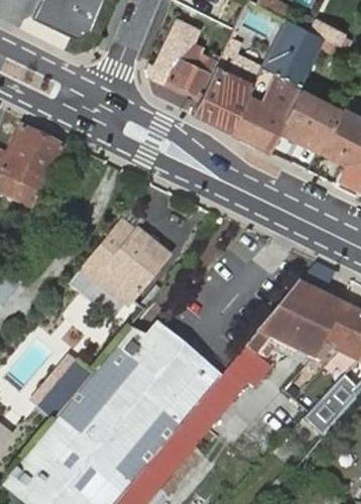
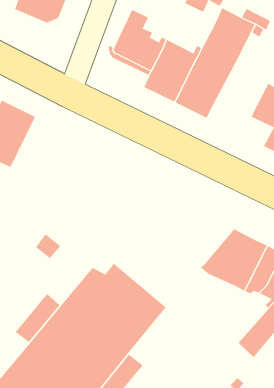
building: [279,89,343,148] -> none
building: [80,221,167,305] -> none
building: [173,329,268,450] -> none

